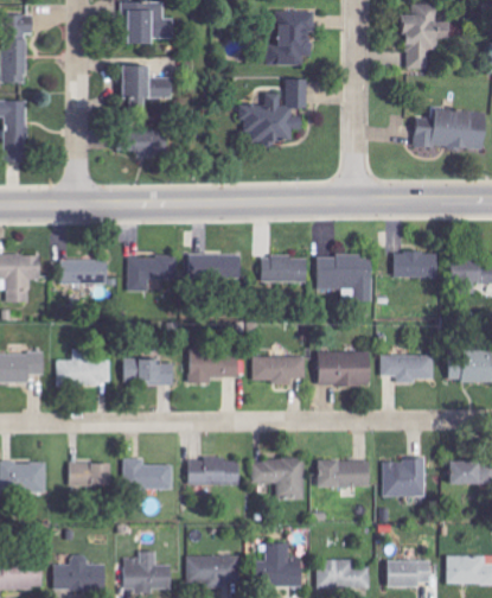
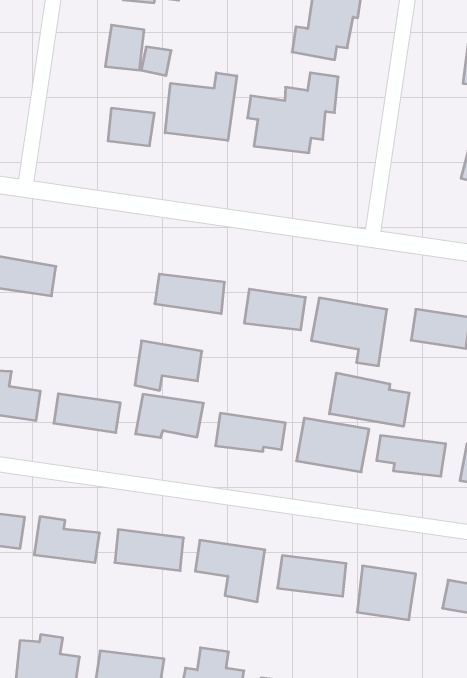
building: none -> [165,73,237,141]
building: [127,255,175,292] -> [135,341,202,390]
building: none -> [329,373,409,426]

